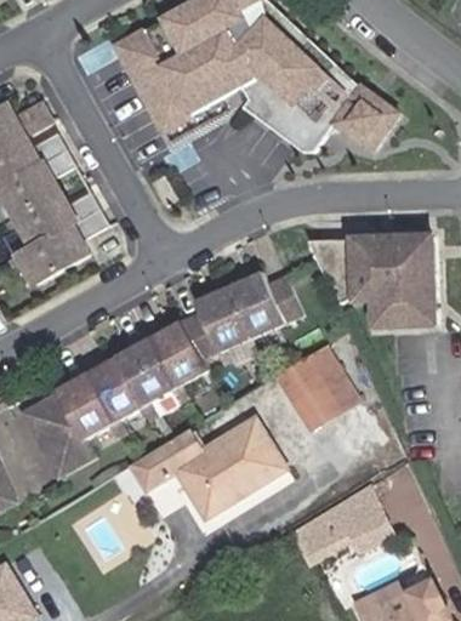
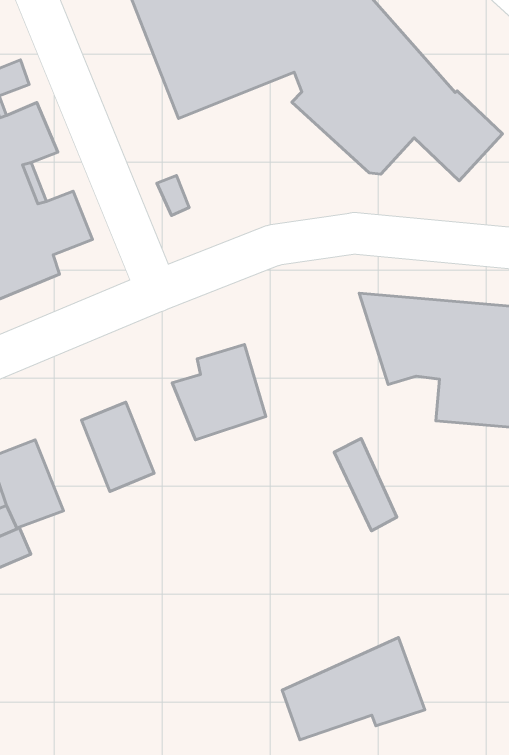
building: [227,275,300,338] -> none
building: [147,323,205,389] -> none
building: [85,358,143,425] -> none
building: [274,358,335,428] -> none
building: [129,418,281,517] -> none

